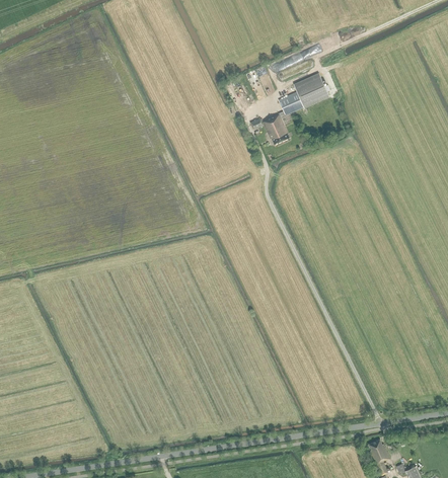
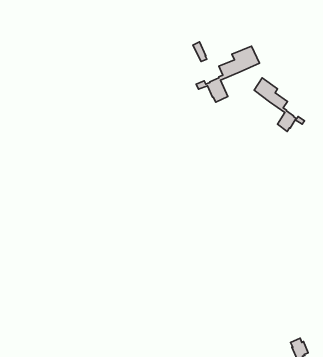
building: none -> [254,78,305,131]

